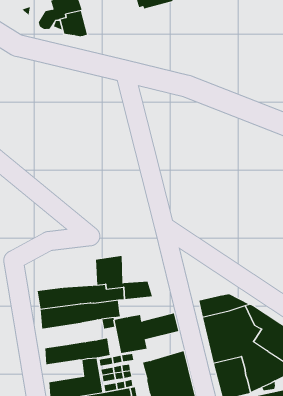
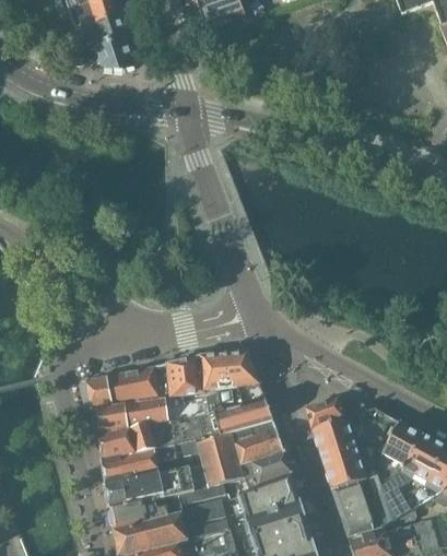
building: none -> [201,354,274,438]
building: none -> [86,365,170,412]
building: none -> [102,445,178,487]
building: none -> [240,452,293,494]
building: none -> [110,499,162,532]

